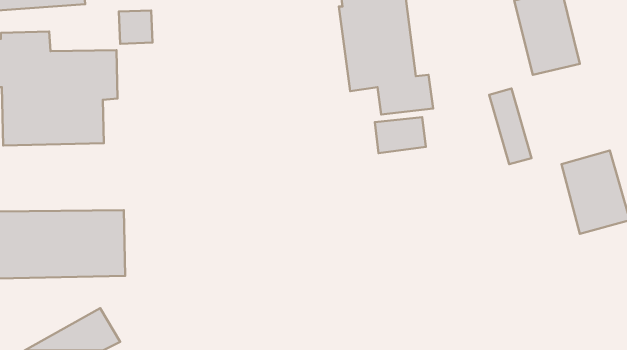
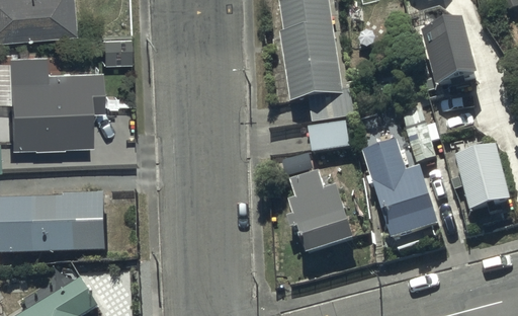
building: none -> [363,142,438,241]
building: none -> [287,173,352,255]

